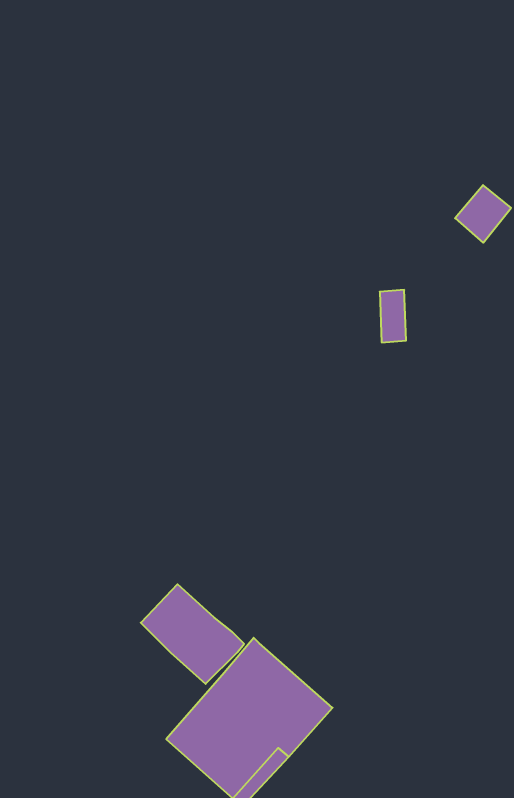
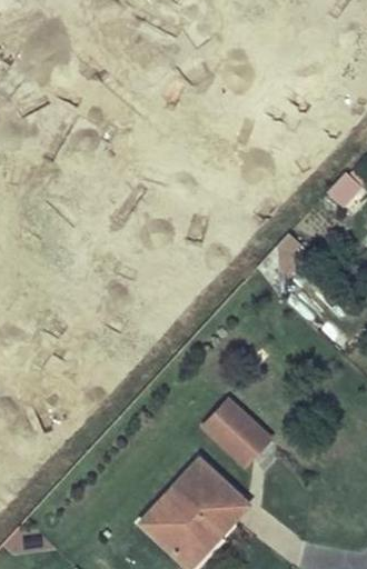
building: [141,584,244,684] -> [205,400,270,463]

